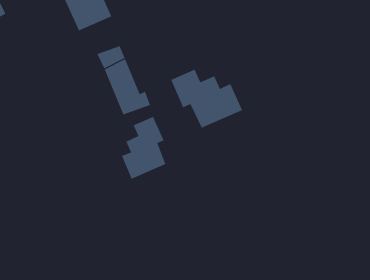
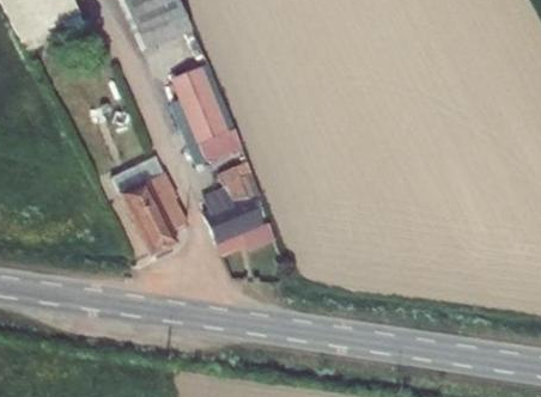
building: [171,69,243,128] -> none
building: none -> [113,157,188,257]

